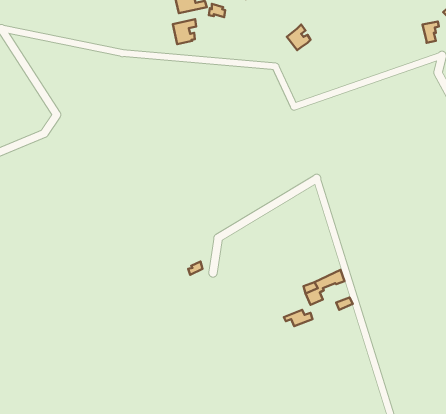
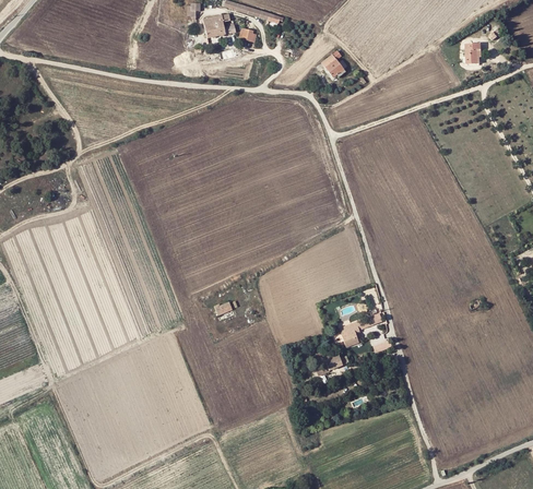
building: [173,19,196,44] -> none

